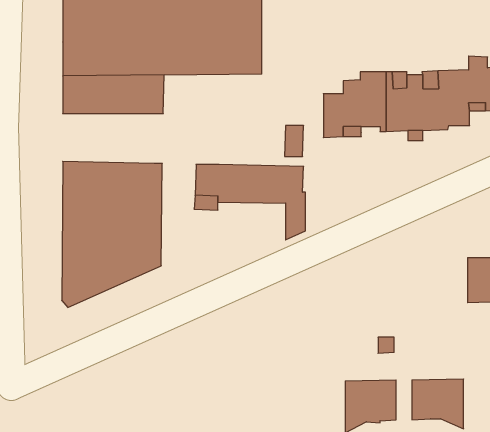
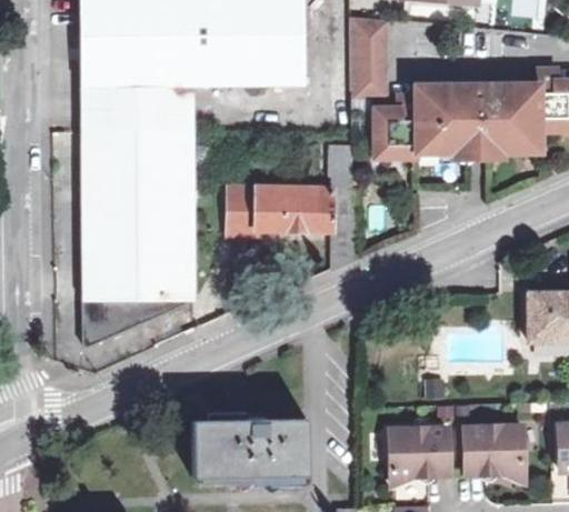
building: none -> [351,16,385,94]
building: none -> [80,131,192,187]
building: none -> [197,419,311,478]

